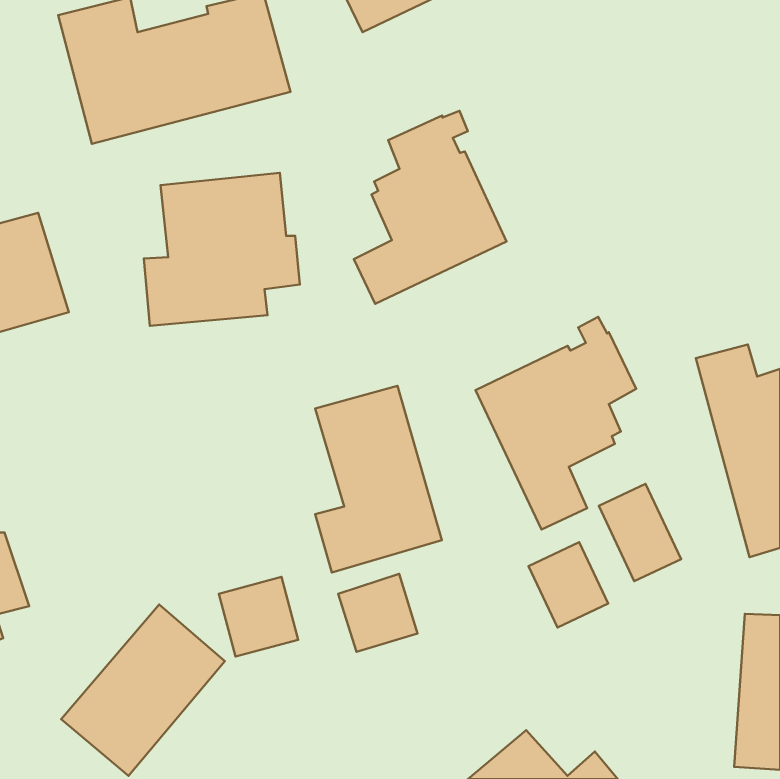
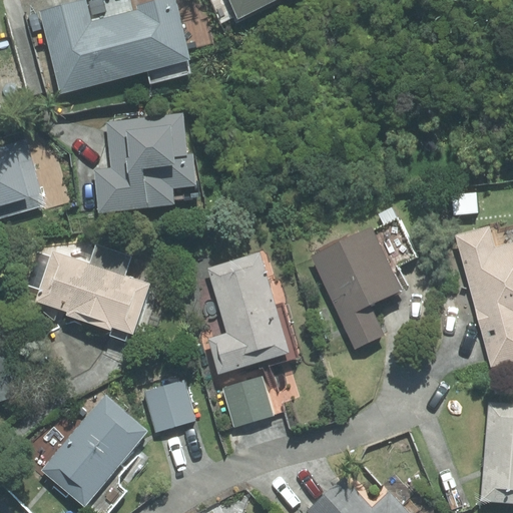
building: [354,111,506,304] -> none
building: none -> [27,244,153,337]
building: [599,484,681,581] -> none
building: [529,542,608,627] -> none

